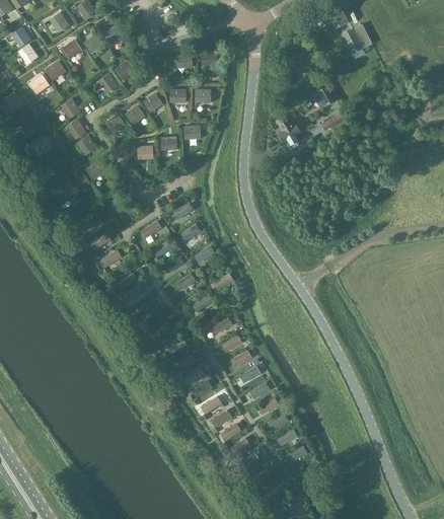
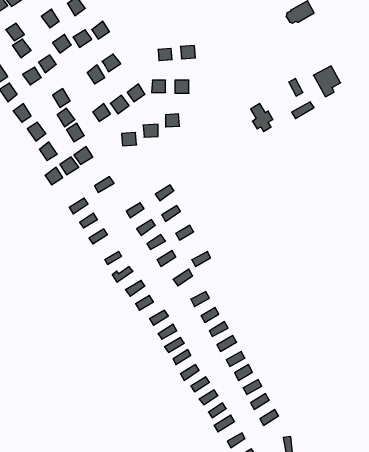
building: [342,24,371,58] -> [313,66,341,97]

